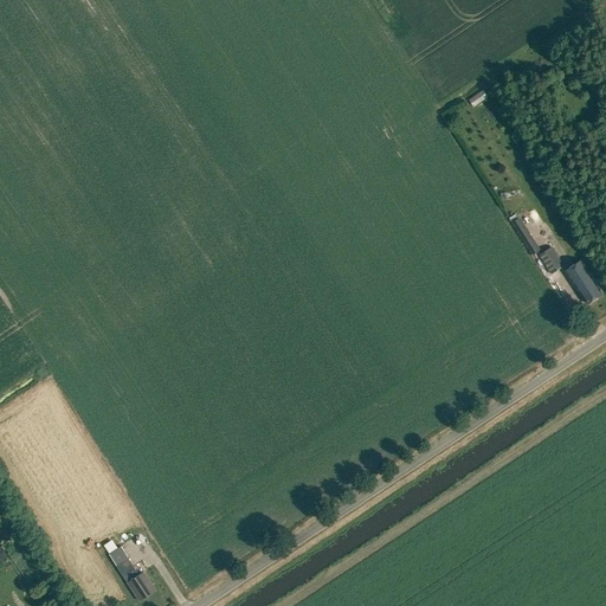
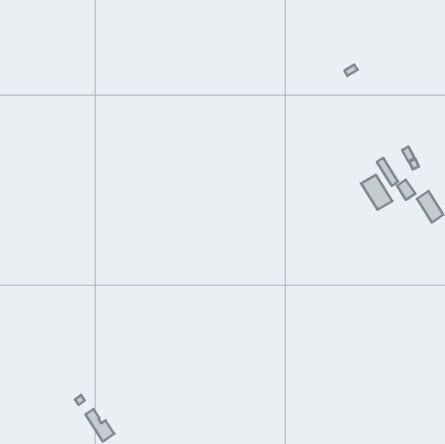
building: none -> [361,175,392,210]

